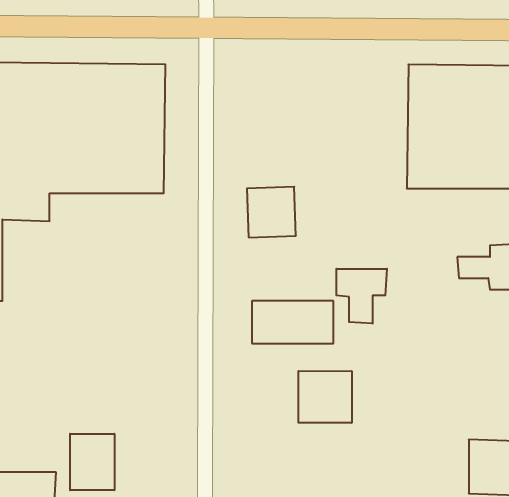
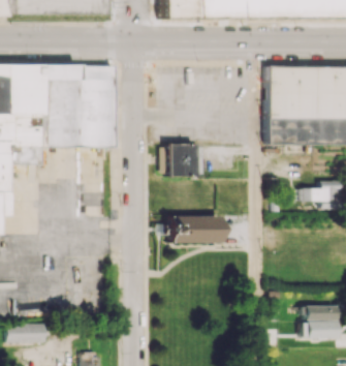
building: [336,269,387,324] -> none
building: [298,371,352,423] -> none
building: [70,434,114,490] -> none

